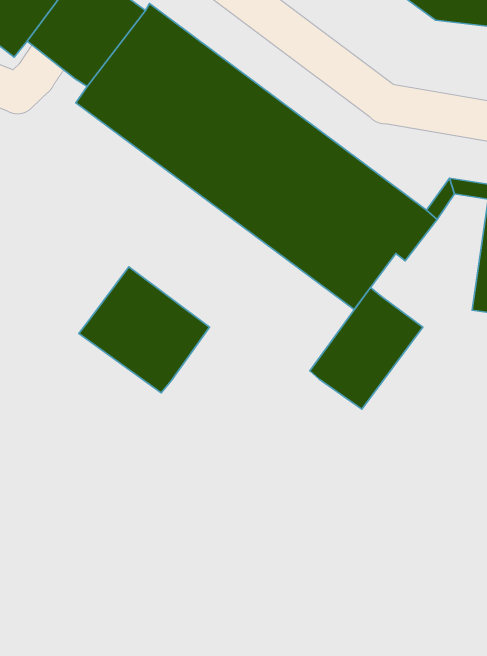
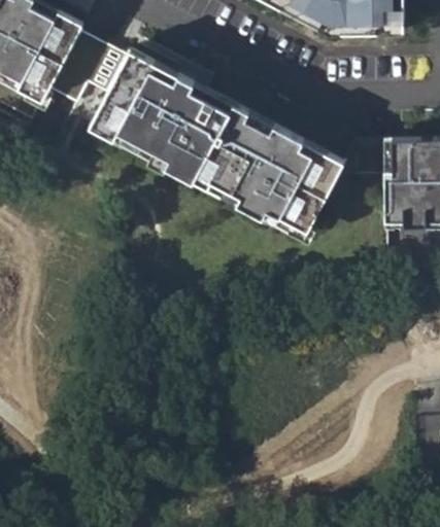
building: [79,267,210,393] -> none
building: [310,288,423,409] -> none

